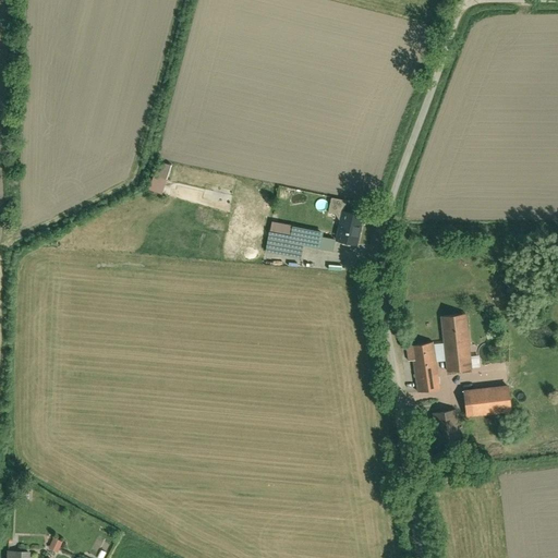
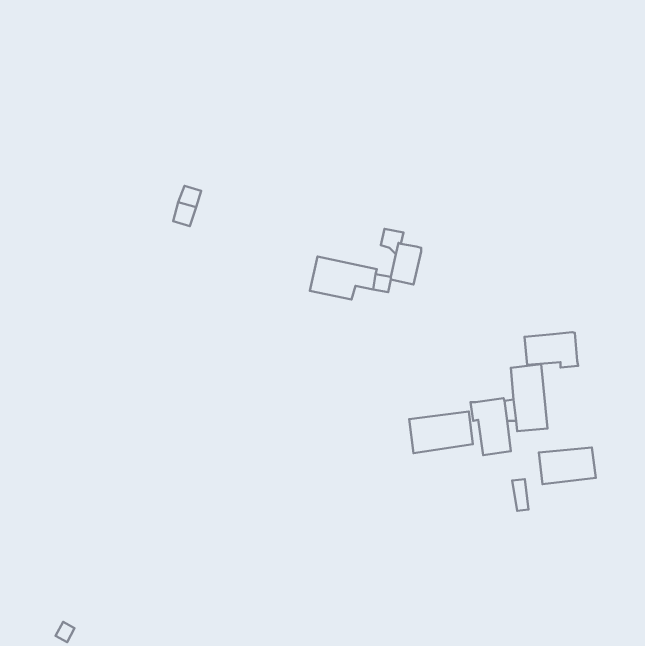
building: none -> [525,332,578,367]
building: none -> [409,412,473,453]

